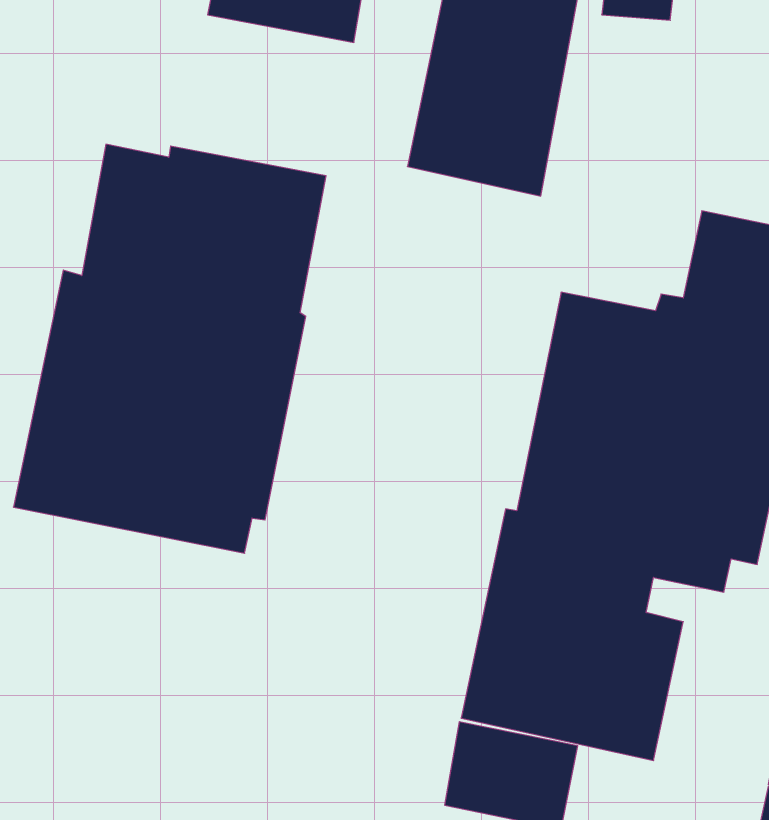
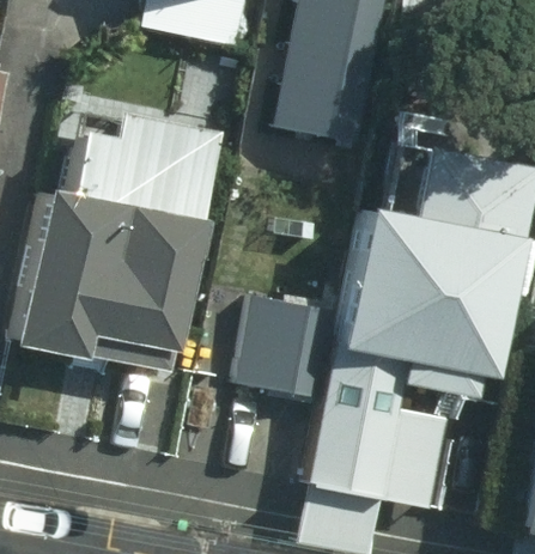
building: none -> [233,292,338,392]

